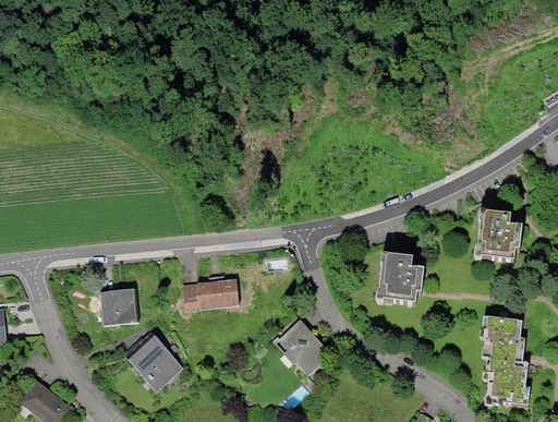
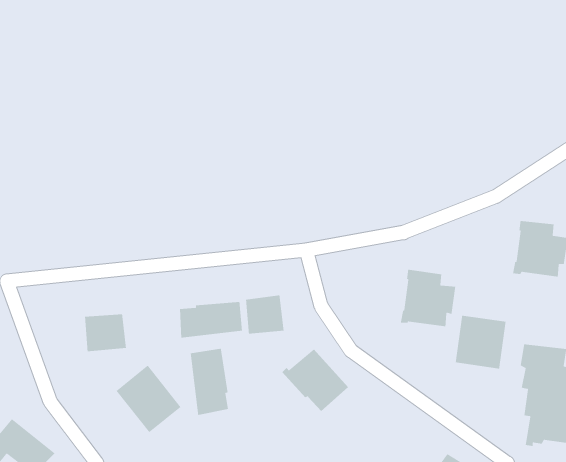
building: none -> [245,295,285,334]
building: none -> [455,315,507,369]
building: none -> [190,348,229,416]

